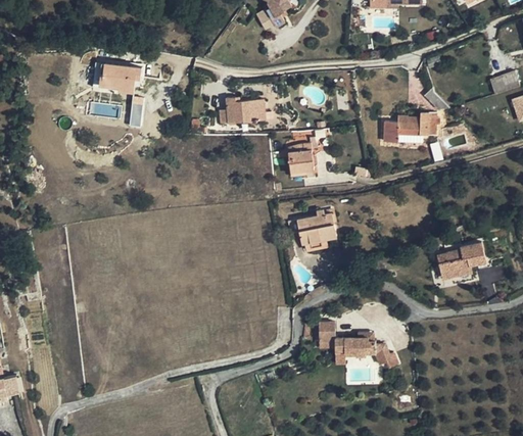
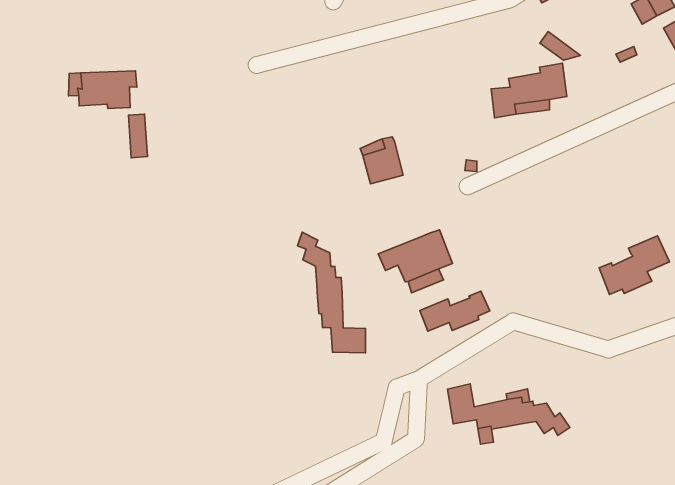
building: [220,97,266,123] -> none
building: none -> [298,232,366,353]
building: none -> [420,291,490,331]

